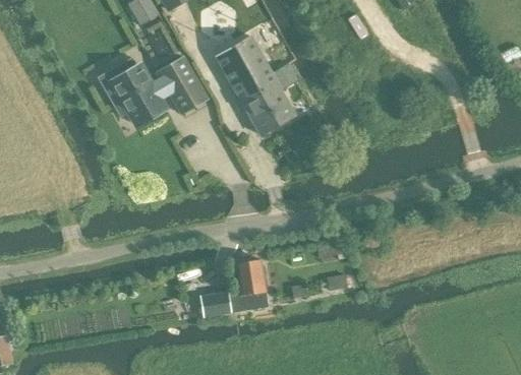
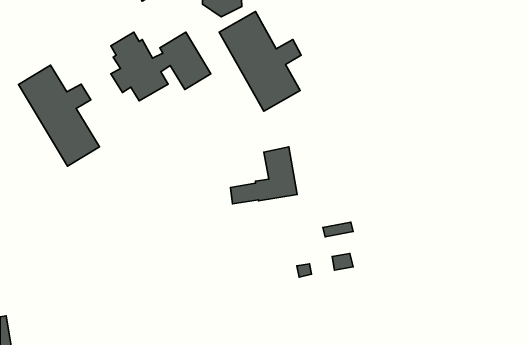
building: none -> [18,65,100,166]
building: [204,259,269,315] -> [231,147,297,204]

